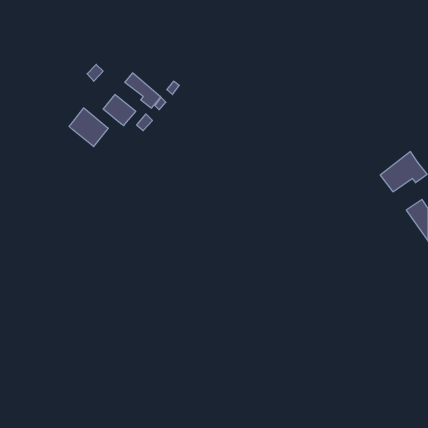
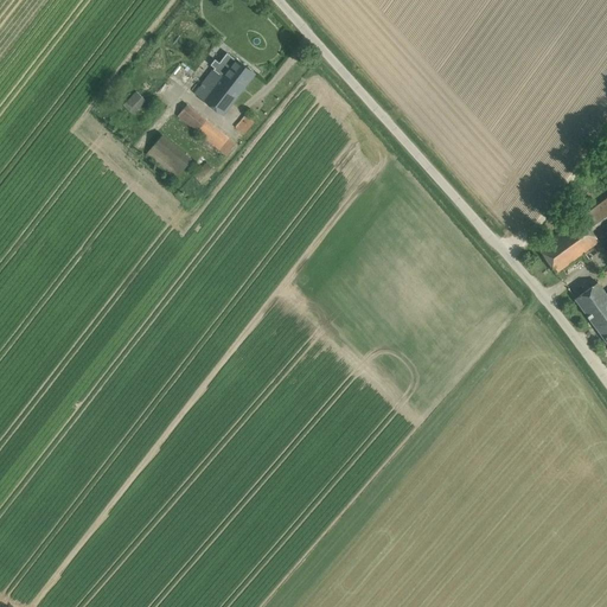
building: none -> [196,52,255,114]
building: [69,108,108,147] -> none

